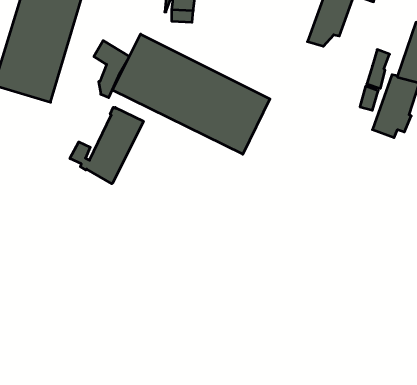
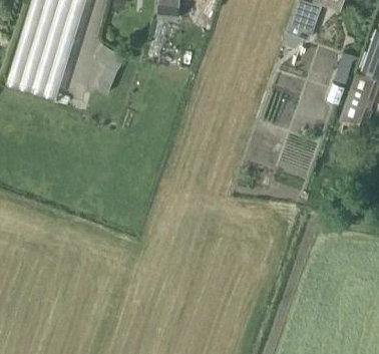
building: [113,34,270,154] -> none
building: [70,107,143,184] -> none

